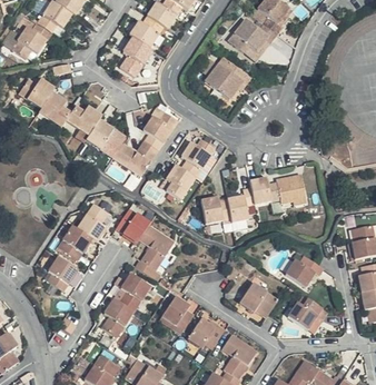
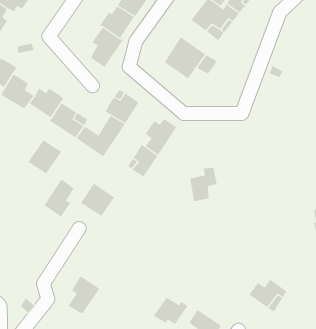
building: [248,175,306,206] -> none
building: [201,197,229,223] -> none
building: [58,220,92,255] -> [28,140,62,174]
building: [137,220,176,273] -> none
building: [47,253,80,287] -> none
building: [281,254,320,284] -> none
building: [117,270,154,308] -> none
building: [237,283,274,316] -> none
building: [160,292,194,329] -> none

